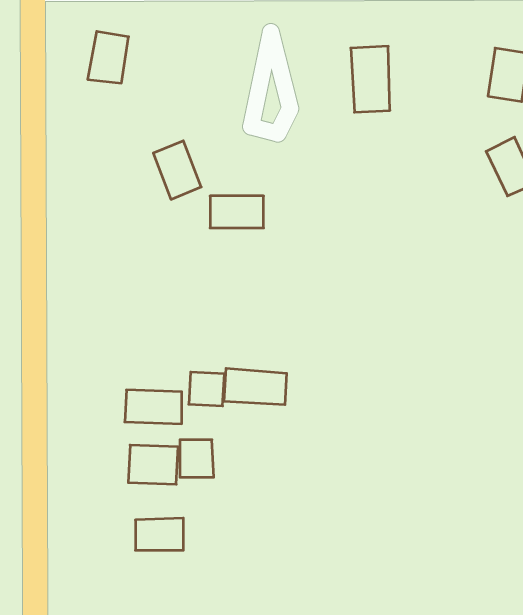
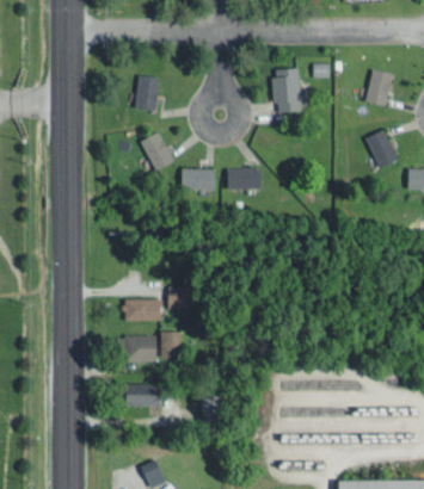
building: [88,31,129,83] -> [133,76,160,111]
building: none -> [226,168,262,191]
building: [224,368,287,405] -> none

